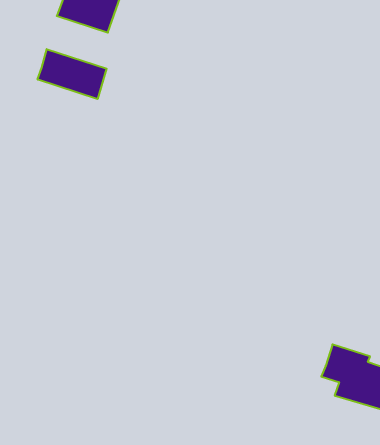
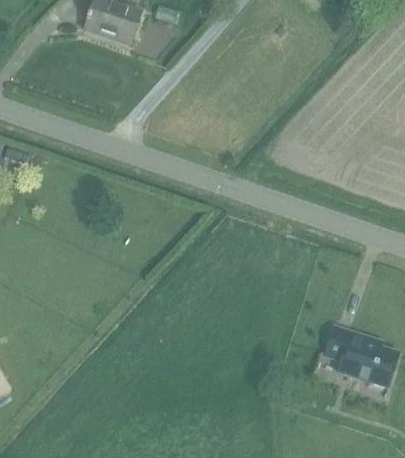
building: [38,49,107,99] -> none

